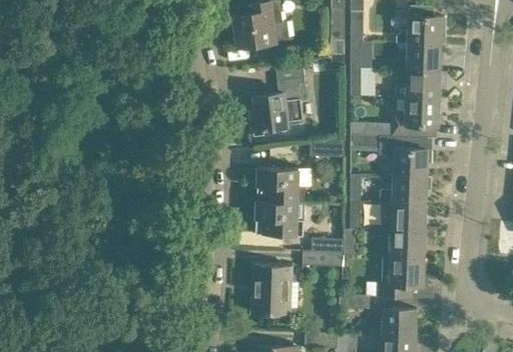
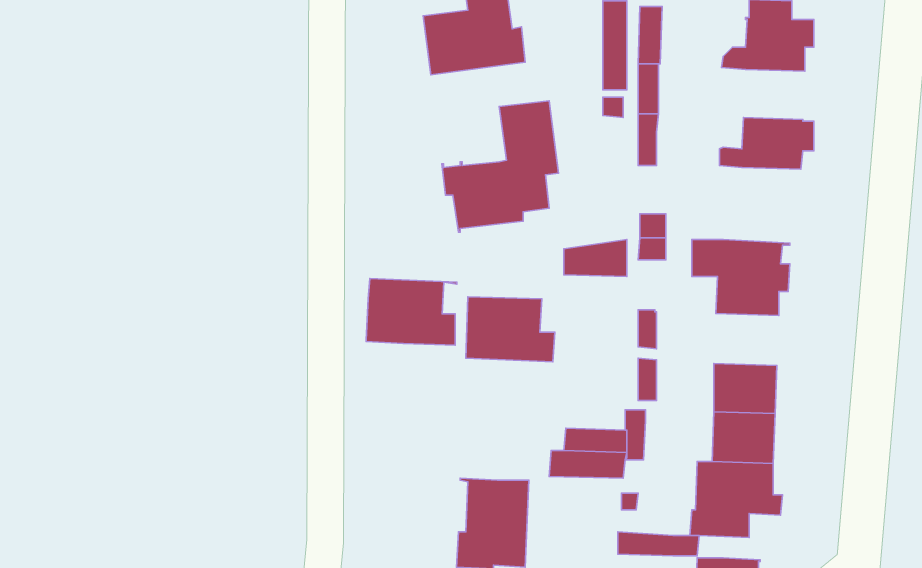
building: [408,45,441,72] -> none
building: [391,98,439,138] -> none
building: [380,178,432,206] -> none
building: [255,202,305,238] -> [366,279,457,345]

